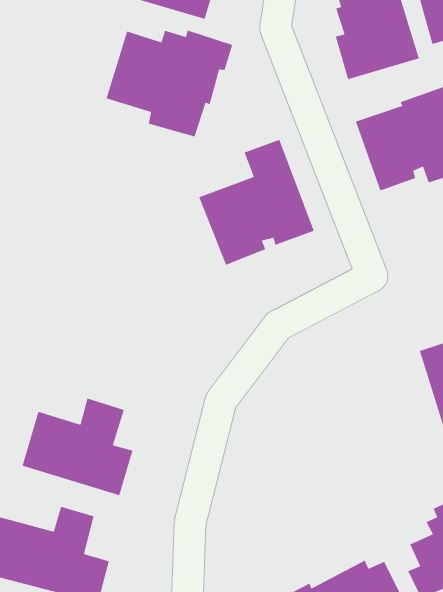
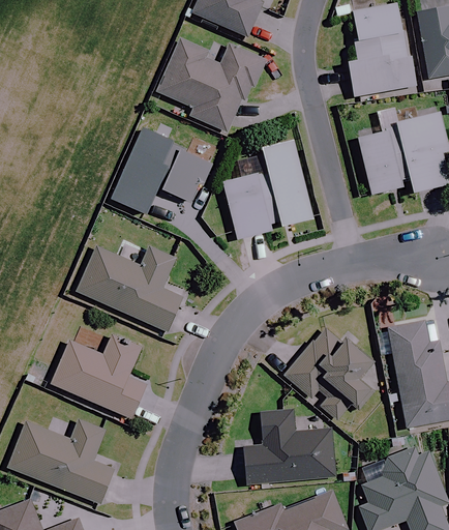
building: none -> [113,130,210,214]
building: none -> [77,245,182,332]
building: none -> [286,331,379,420]
building: none -> [243,410,333,483]

